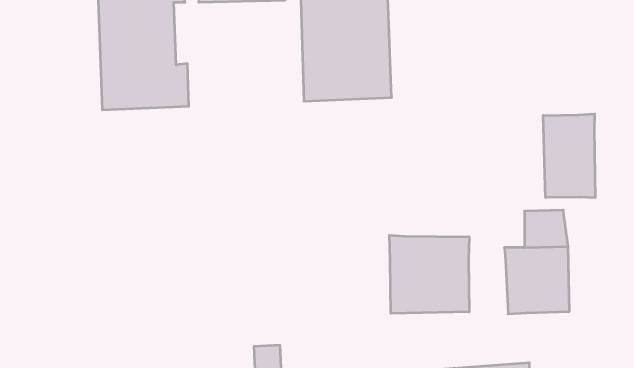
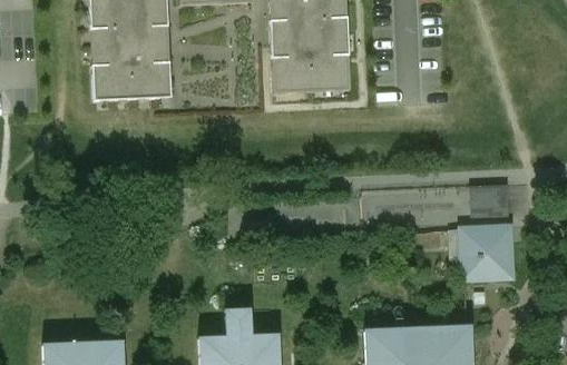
building: [543,114,595,198] -> none
building: [389,235,469,313] -> none

